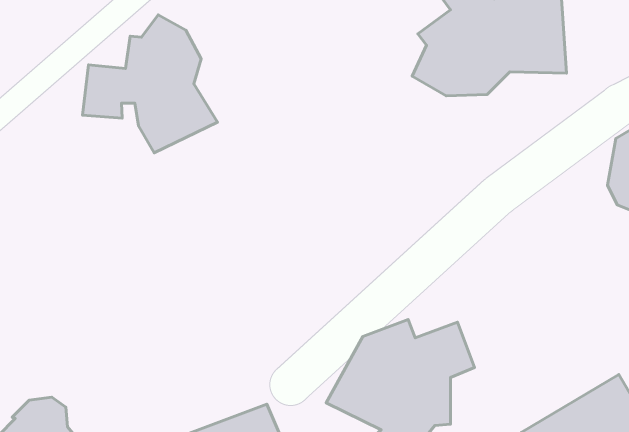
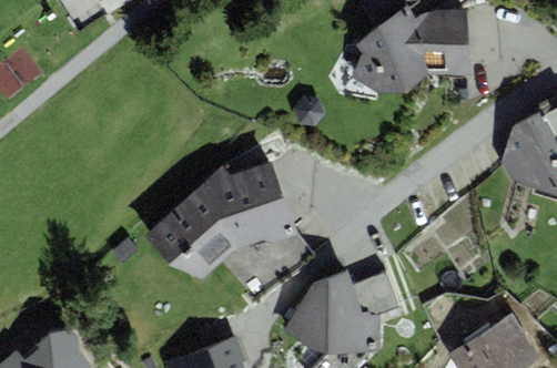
building: [82,15,217,153] -> none
building: none -> [145,163,298,280]

